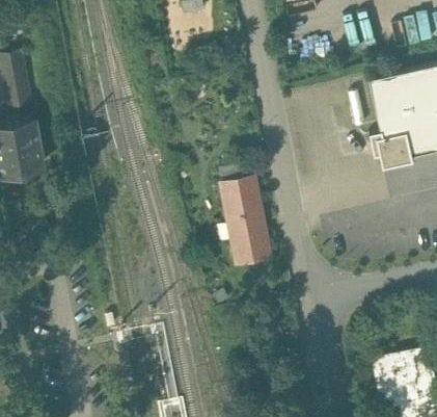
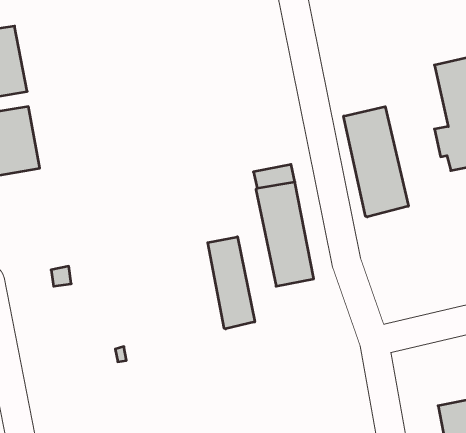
building: none -> [344,107,408,217]
building: none -> [208,237,255,329]

